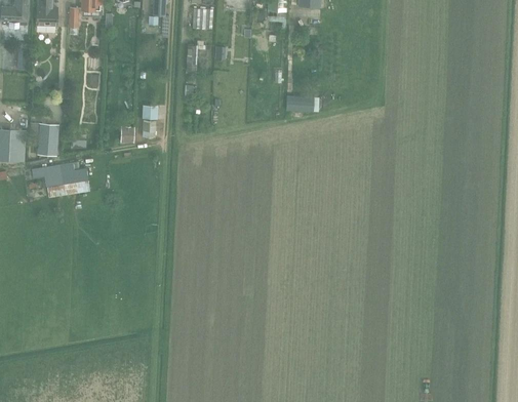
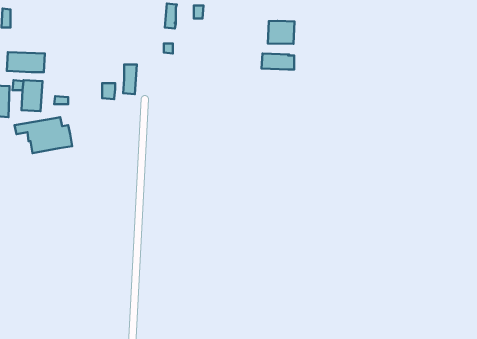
building: none -> [268,21,294,44]
building: none -> [7,52,45,72]

